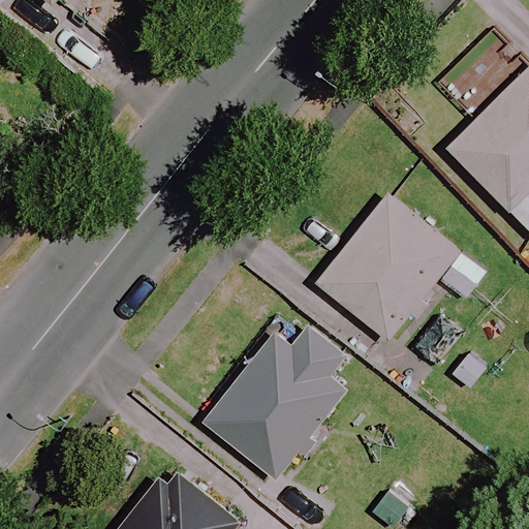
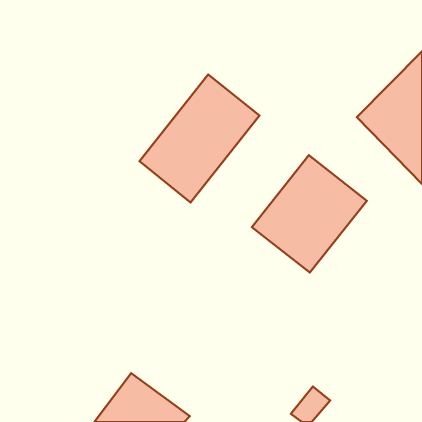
building: none -> [139,74,259,202]
building: [203,324,347,480] -> none

